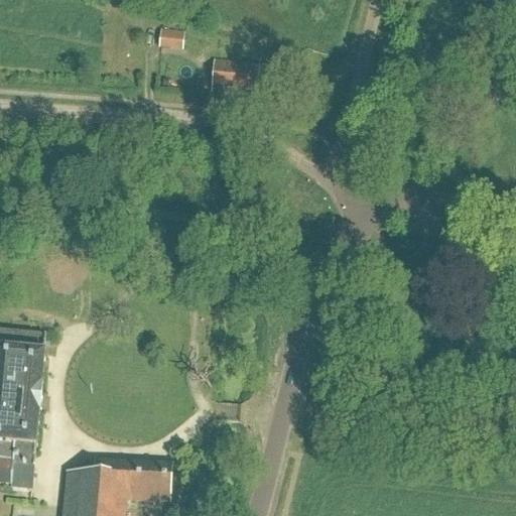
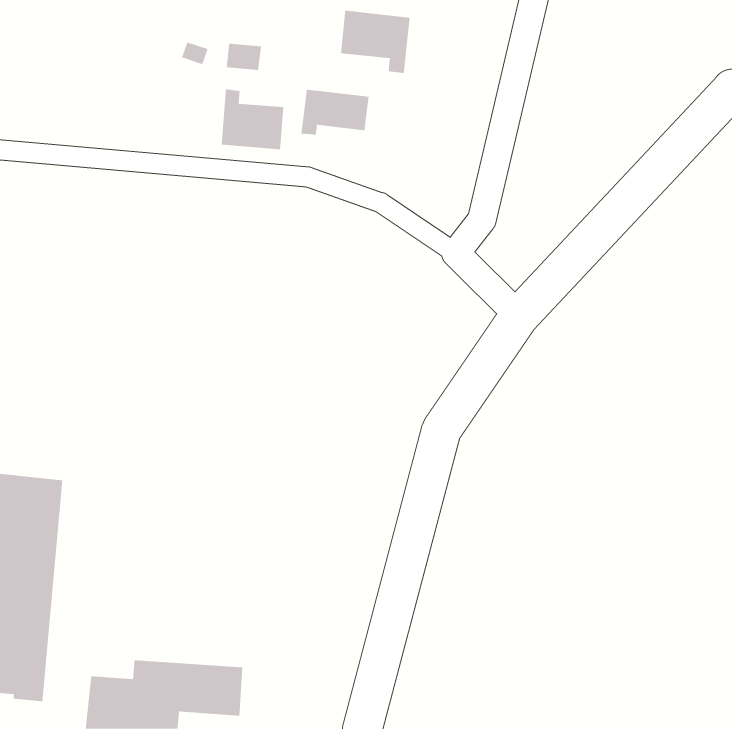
building: none -> [340,10,410,74]
building: none -> [221,89,284,150]

